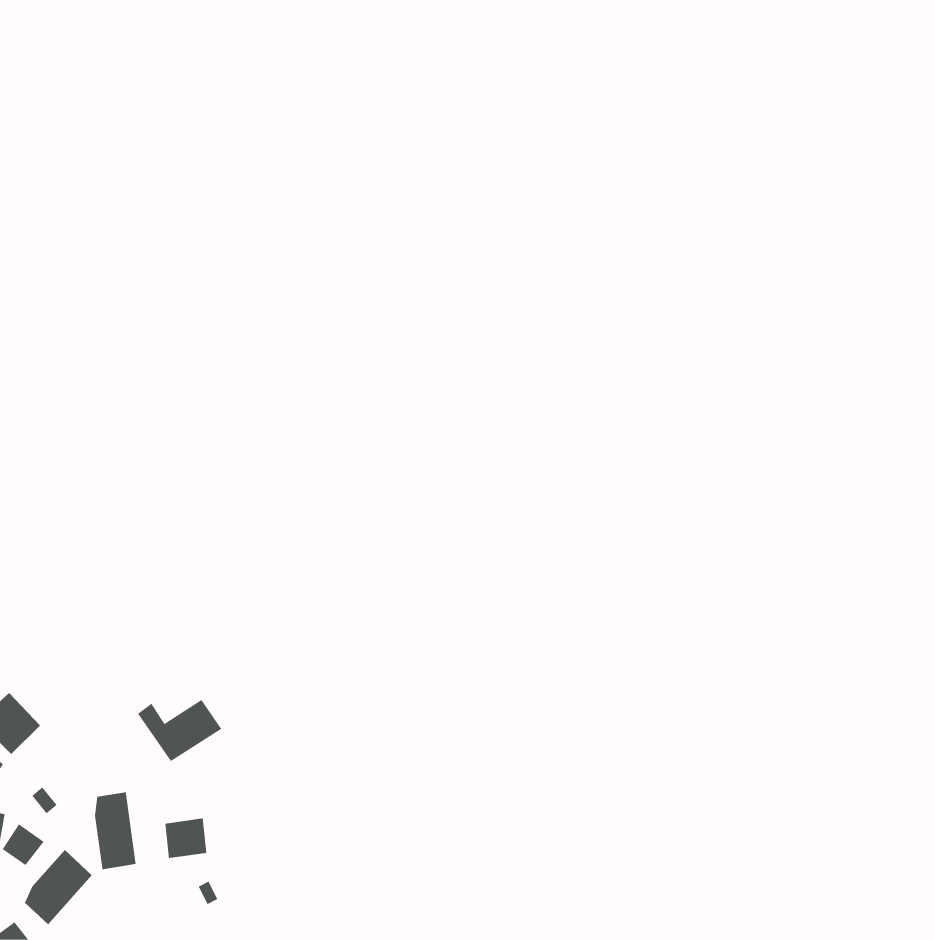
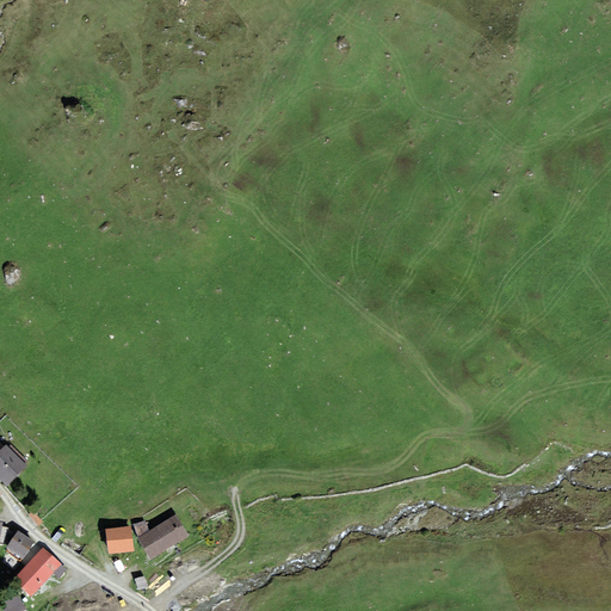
building: [137,699,222,762] -> [132,516,187,556]
building: [94,791,136,870] -> none

